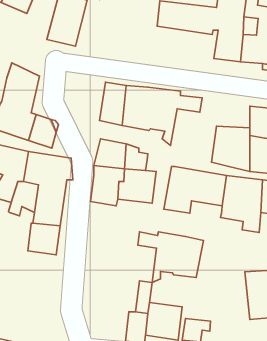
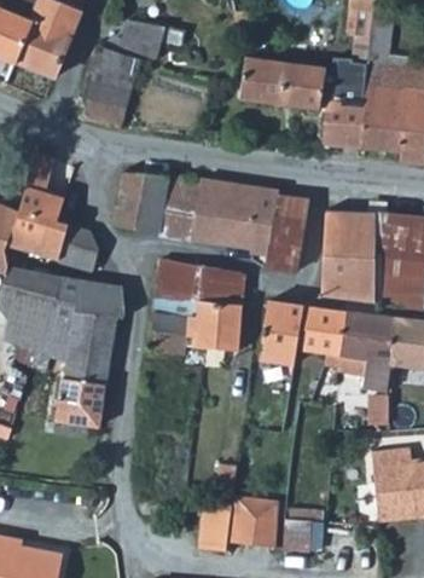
building: none -> [114,172,169,232]
building: none -> [330,209,378,243]
building: none -> [263,215,306,273]
building: [138,232,203,283] -> none

